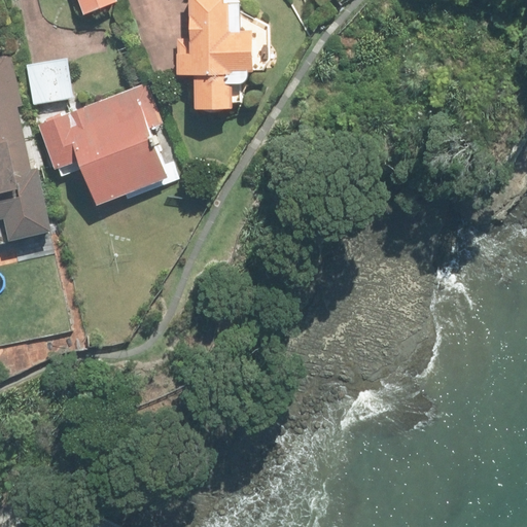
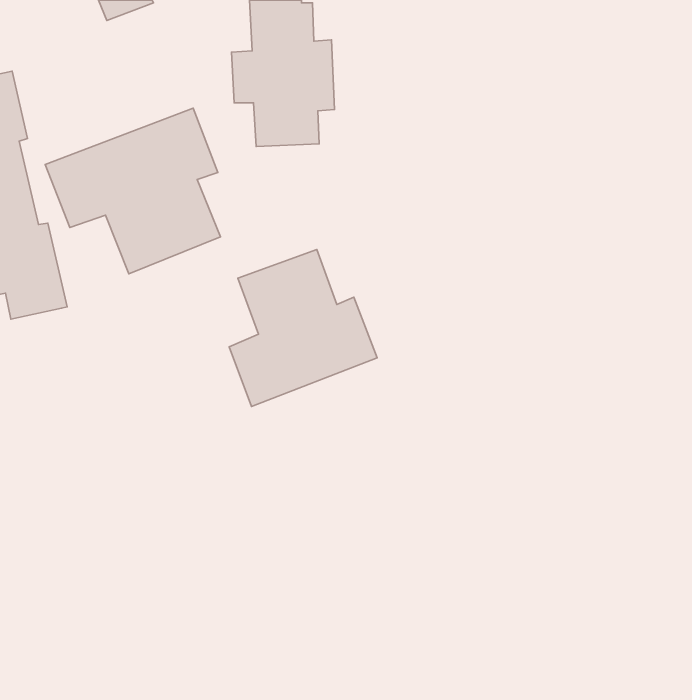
building: [25,59,69,104] -> none
building: none -> [229,249,377,407]

